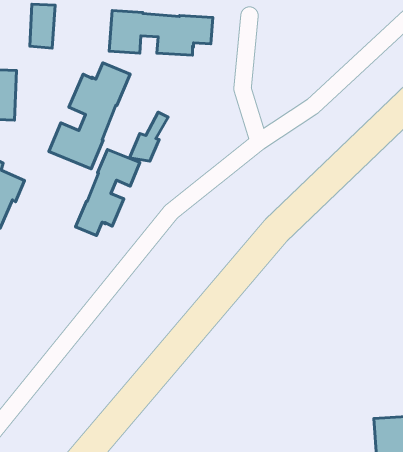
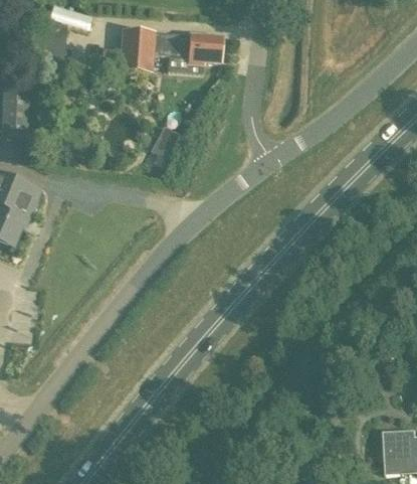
building: [49,63,130,169] -> none
building: [75,149,140,235] -> none

